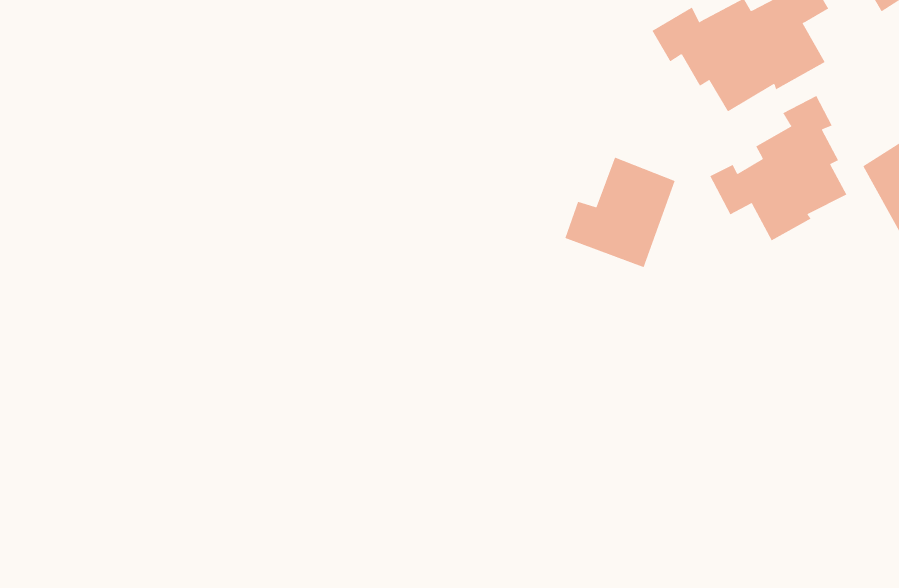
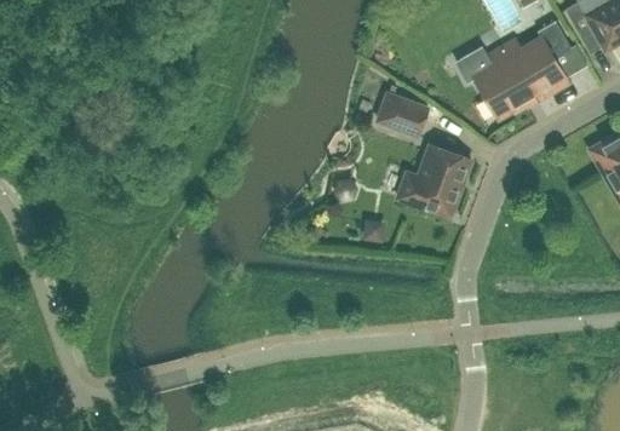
building: none -> [377,93,427,136]
building: [709,95,847,241] -> none

